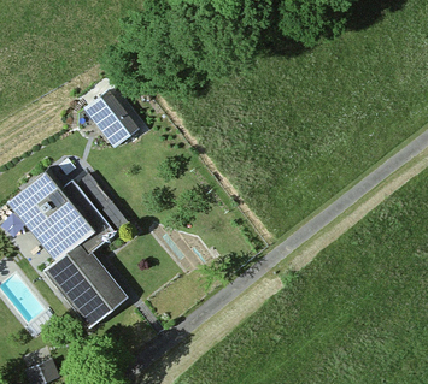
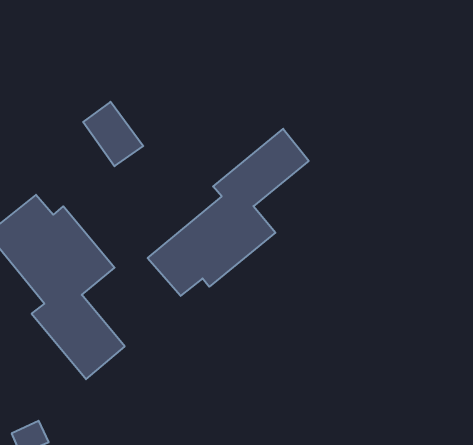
building: none -> [148,129,309,296]

